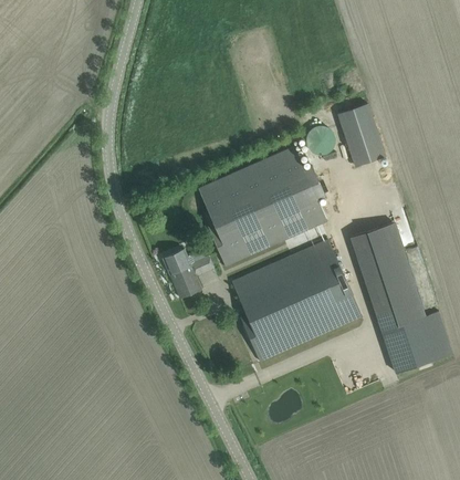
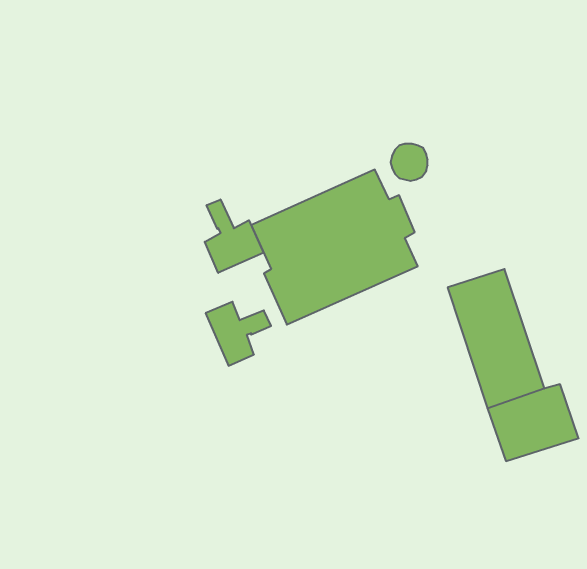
building: [338,103,386,166] -> none
building: none -> [205,199,264,273]
building: [232,240,363,362] -> none

